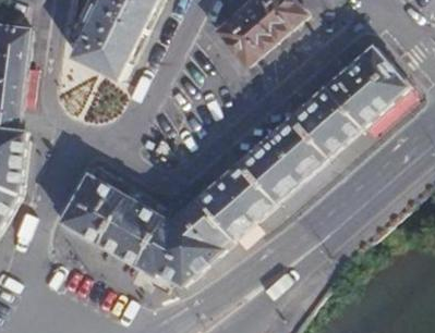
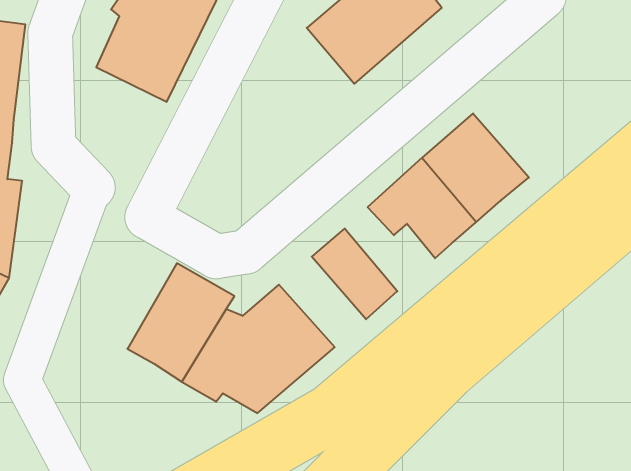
building: [325,46,410,128] -> none
building: [240,148,300,204] -> none
building: [61,164,129,242] -> none
building: [196,181,254,240] -> none

